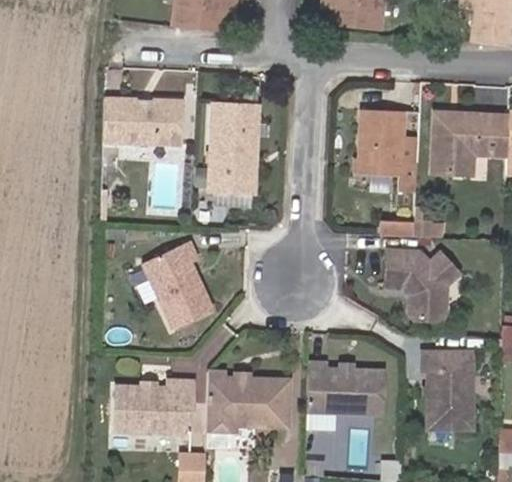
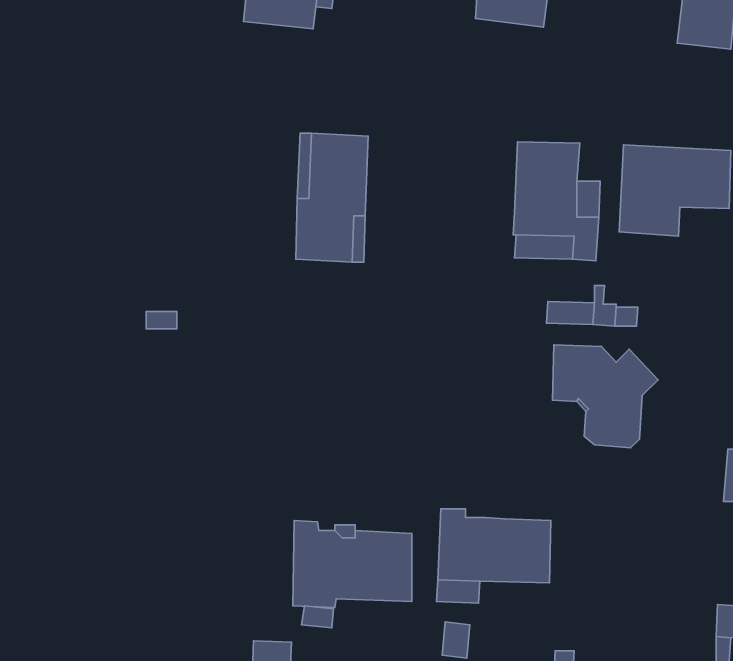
building: [103,98,182,144] -> none
building: [143,240,213,327] -> none
building: [422,350,473,428] -> none
building: [115,379,194,433] -> none

